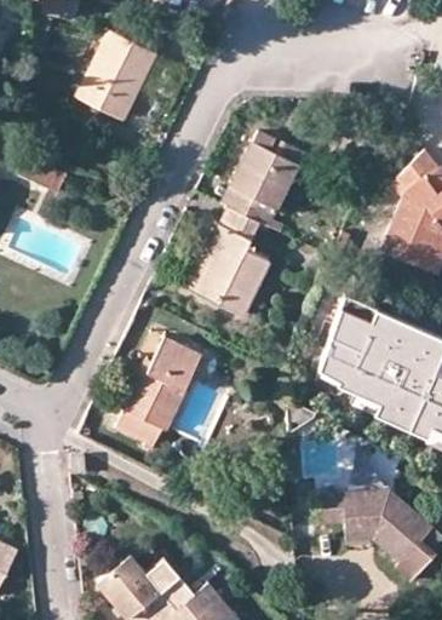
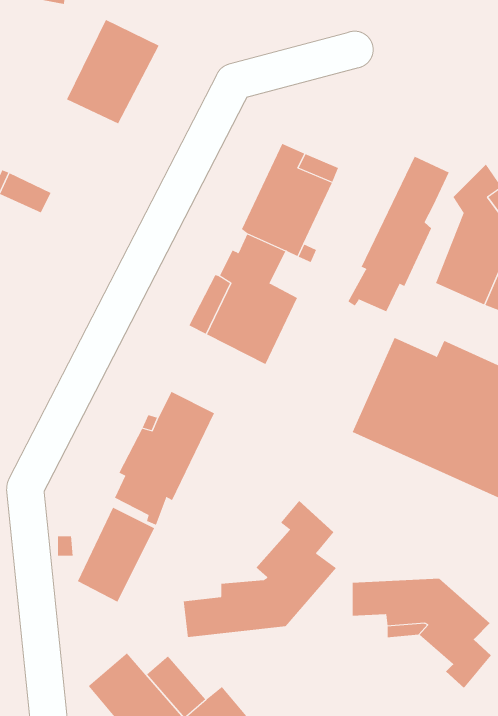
building: none -> [347,156,449,312]
building: none -> [183,500,337,638]
building: none -> [77,507,155,602]

